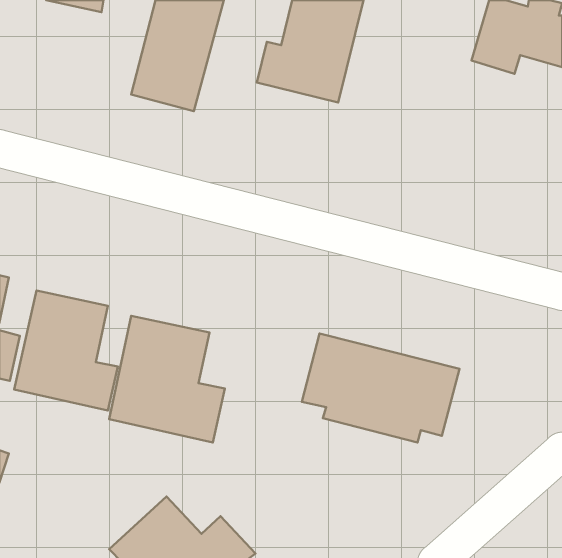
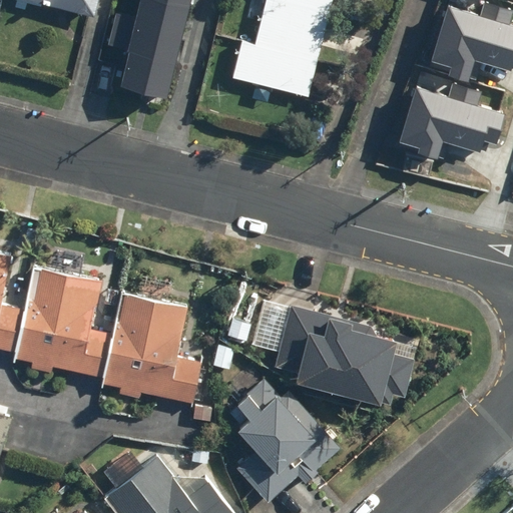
building: none -> [398,78,504,150]
building: none -> [229,377,339,500]

